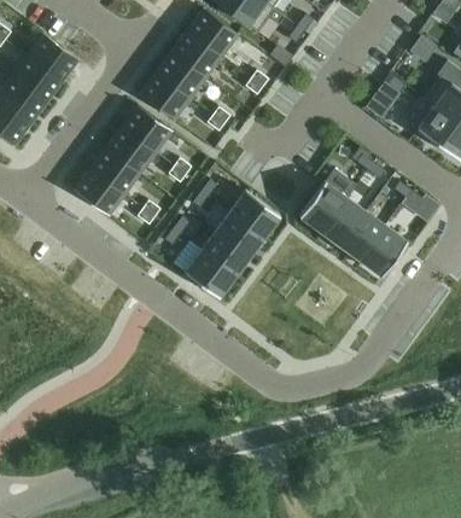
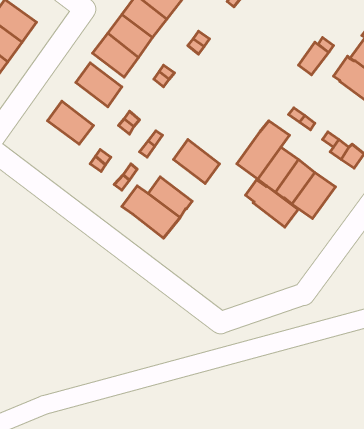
building: [106,126,157,173] -> none
building: [75,168,126,215] -> none
building: [206,204,264,256] -> [245,180,298,227]

